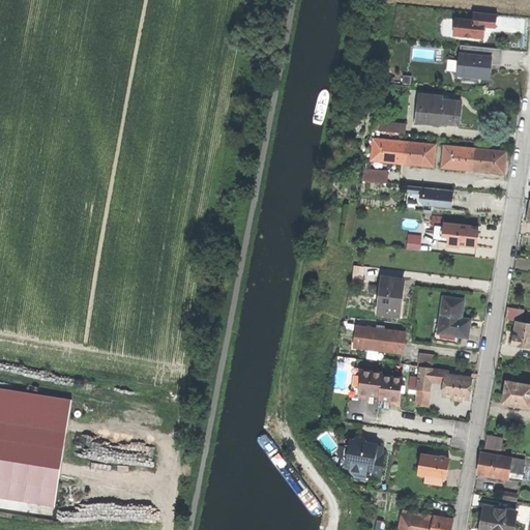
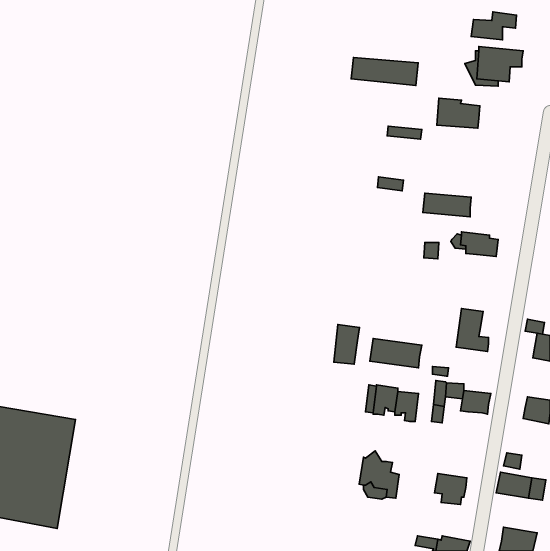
building: [371,139,435,166] -> [351,57,418,85]
building: [442,145,505,172] -> none
building: [378,276,403,315] -> [334,324,360,364]

